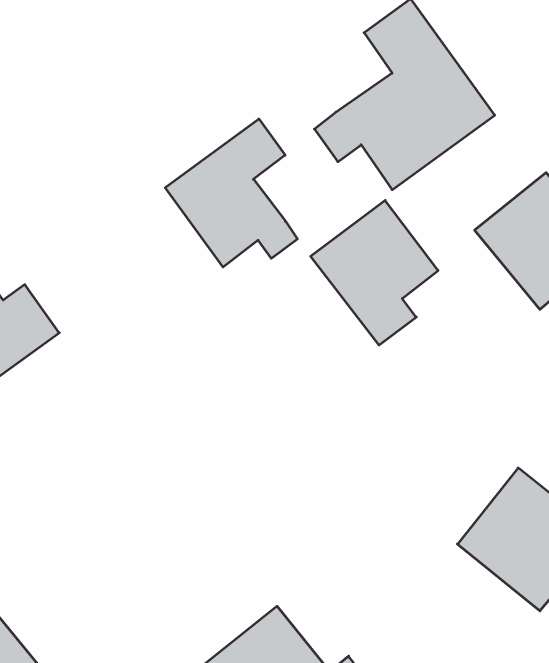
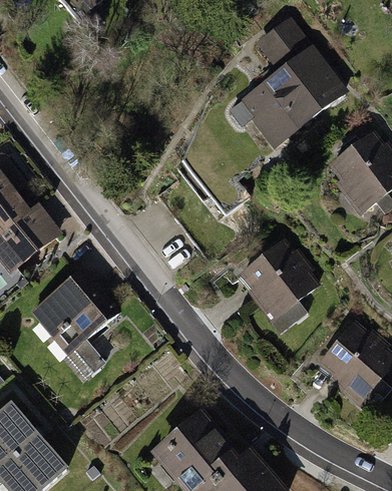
building: [165,119,297,267] -> none
building: [311,200,438,345] -> [238,238,320,332]
building: none -> [33,271,119,372]

